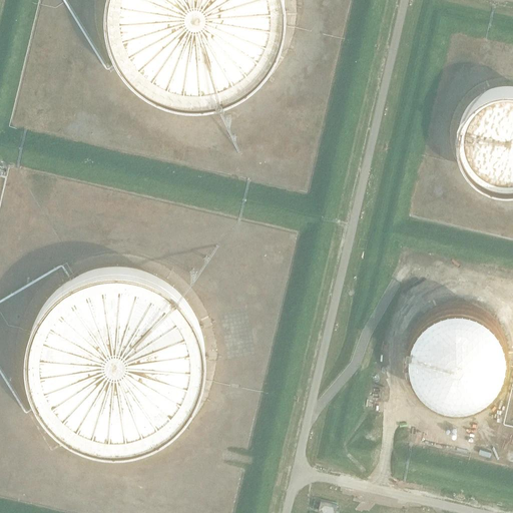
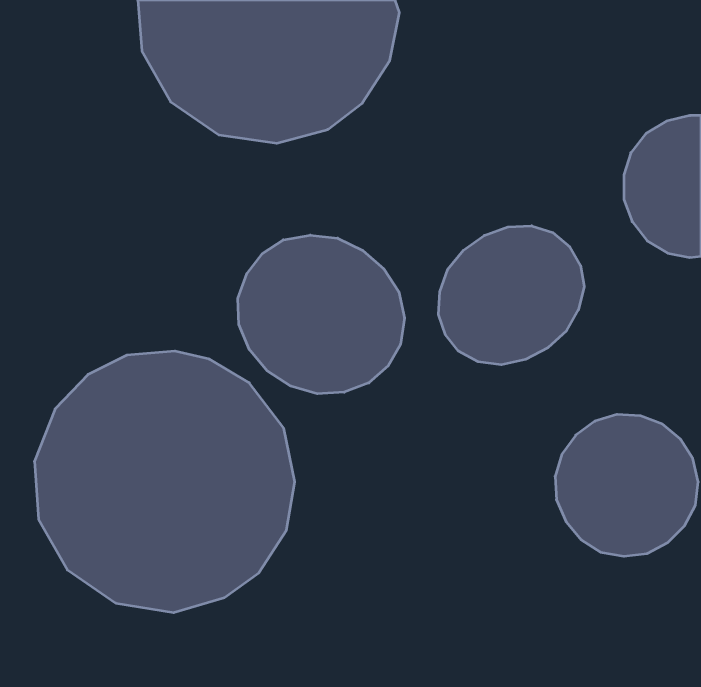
building: none -> [438,226,584,365]
building: none -> [238,235,404,394]

